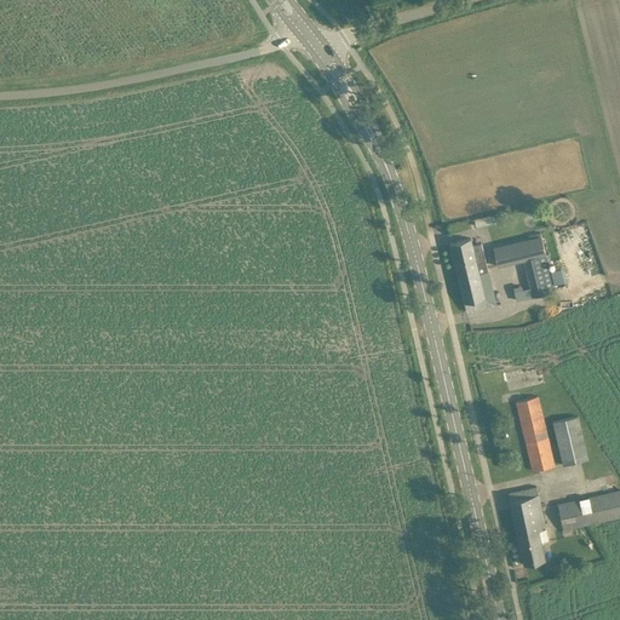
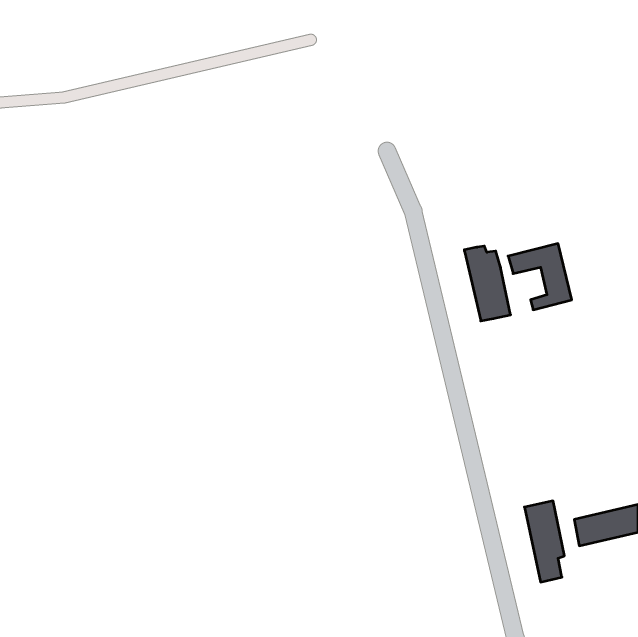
building: [517,397,553,471] -> none
building: [553,417,589,465] -> none

